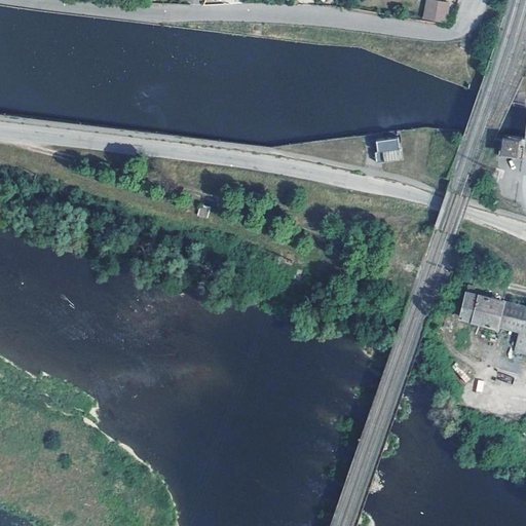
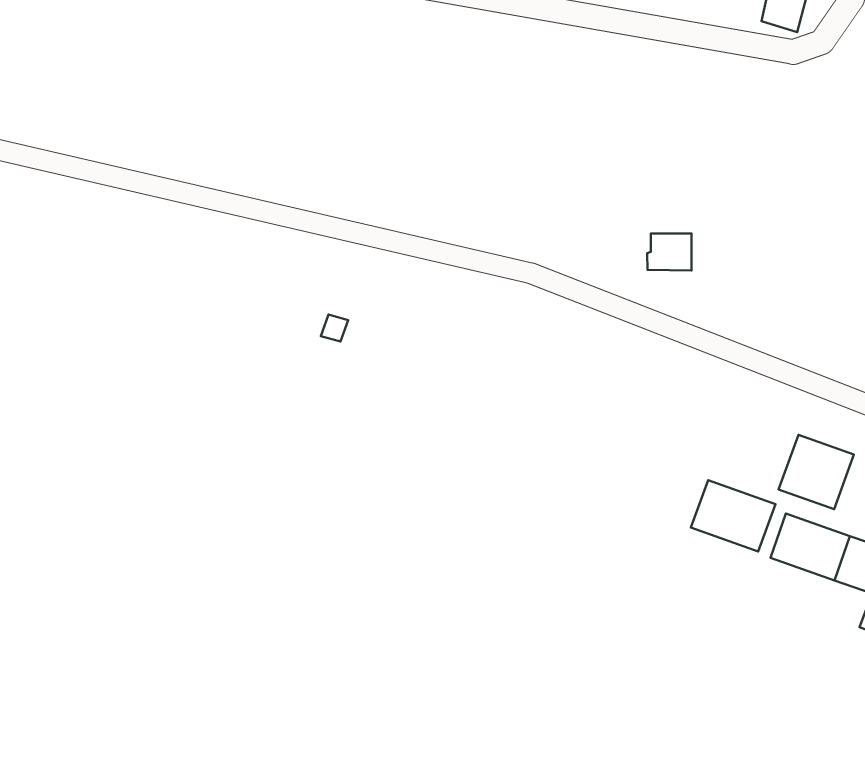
building: none -> [779,435,854,509]
building: none -> [691,480,776,552]

